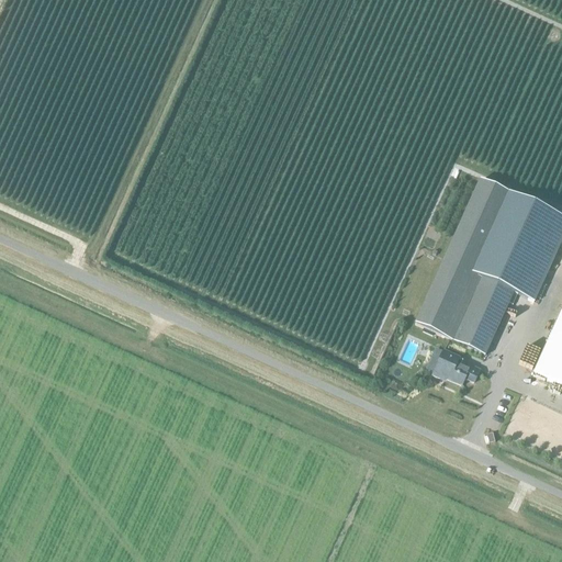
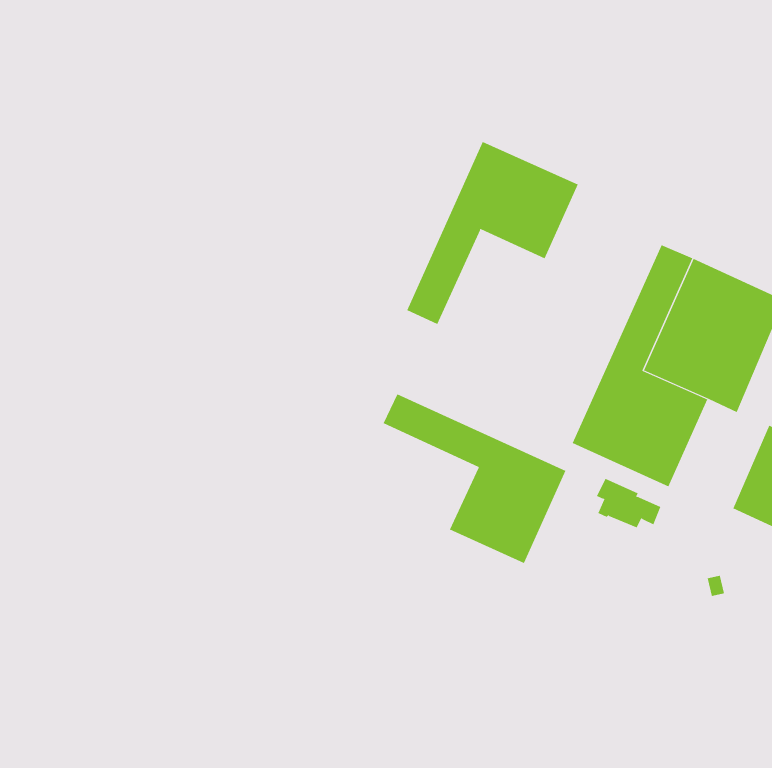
building: none -> [406,141,579,325]
building: none -> [383,394,566,564]

